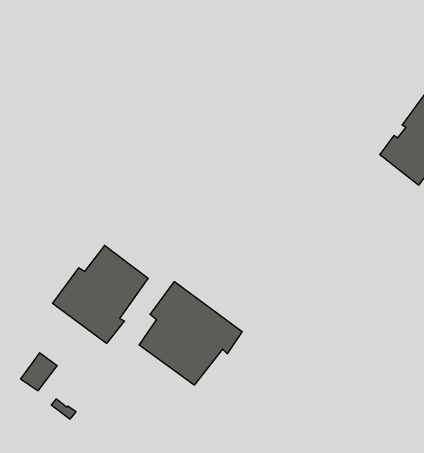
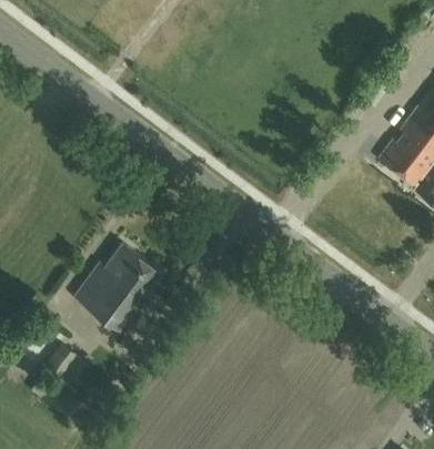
building: [139,282,242,385] -> none

